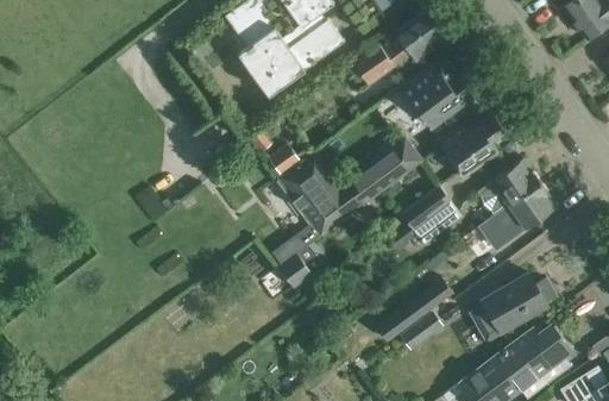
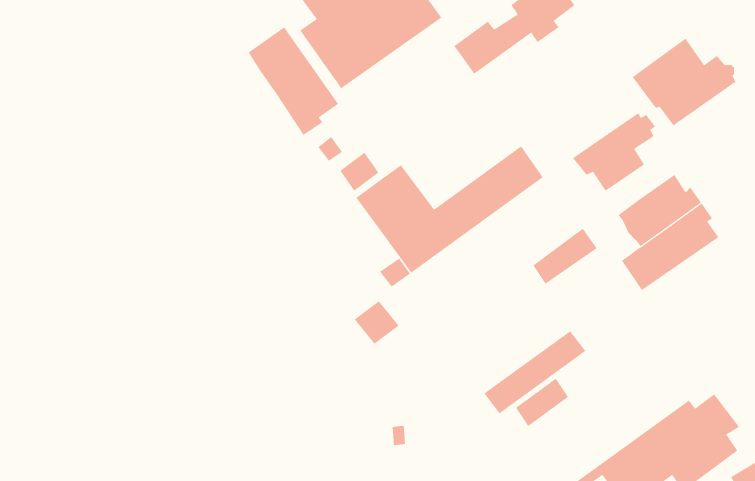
building: none -> [248,26,339,136]
building: [398,61,477,127] -> [632,38,736,126]
building: [400,186,451,230] -> none
building: [471,274,557,342] -> none

